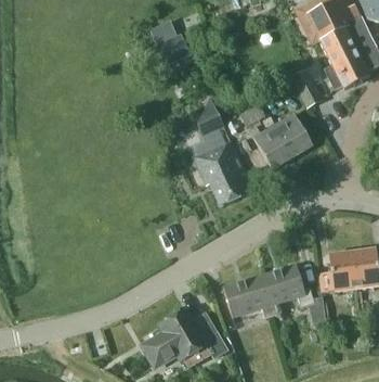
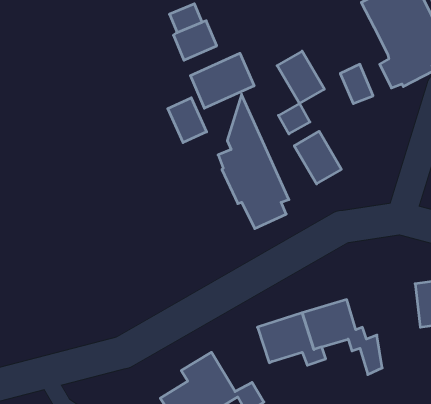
building: none -> [190,53,254,108]
building: none -> [168,98,207,143]
building: [274,114,313,157] -> [277,51,324,104]
building: [329,252,357,291] -> none

